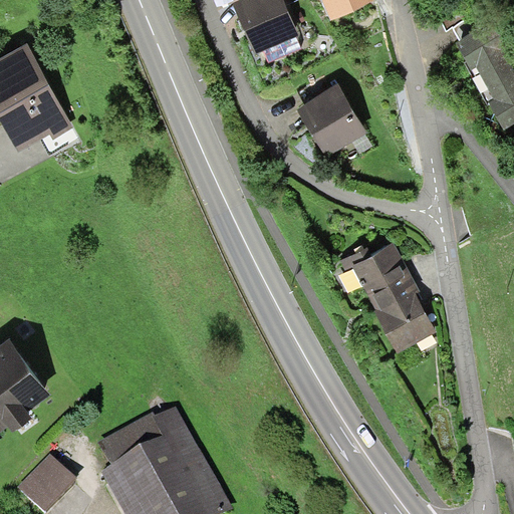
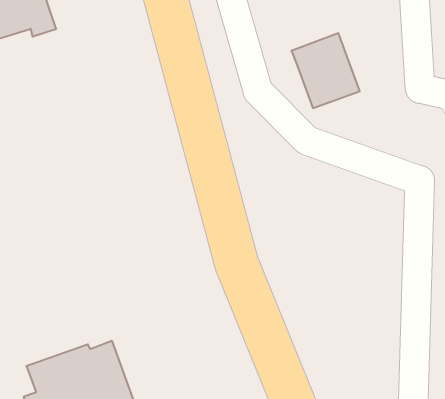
building: [339,241,437,353] -> none

